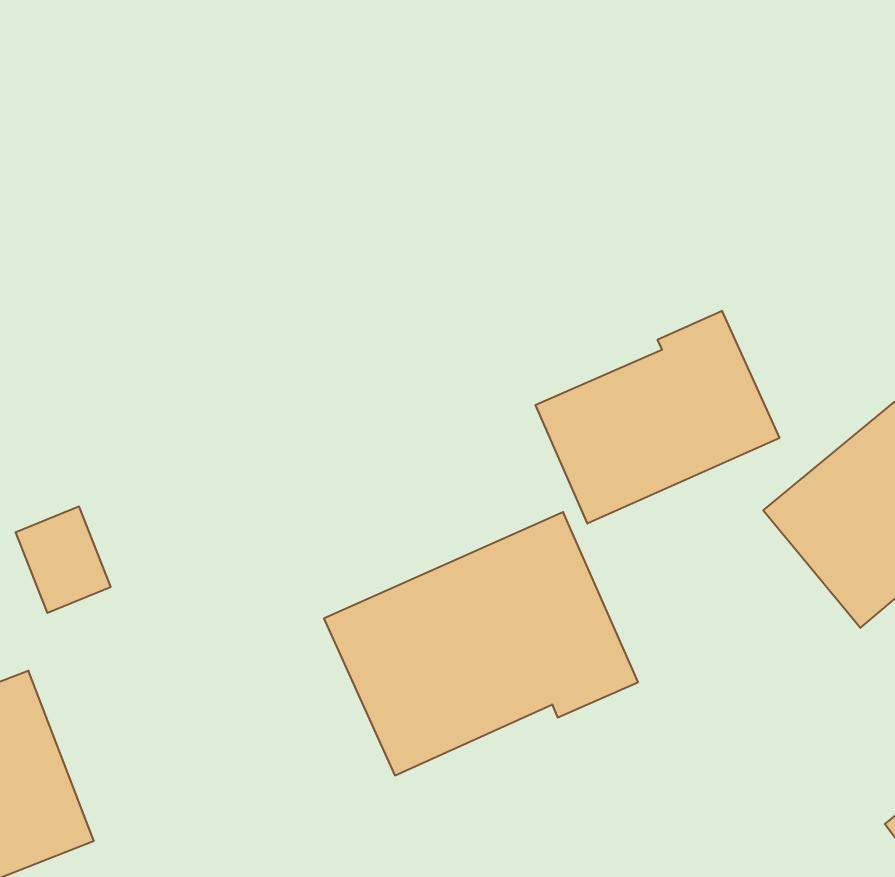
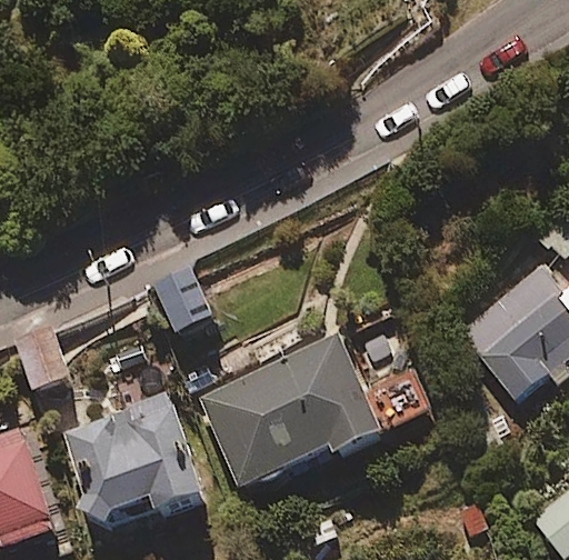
building: [535,311,779,524] -> none
building: none -> [58,392,208,539]

